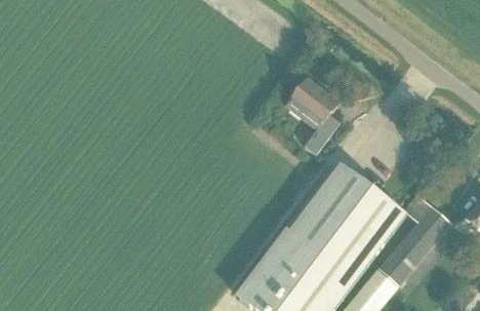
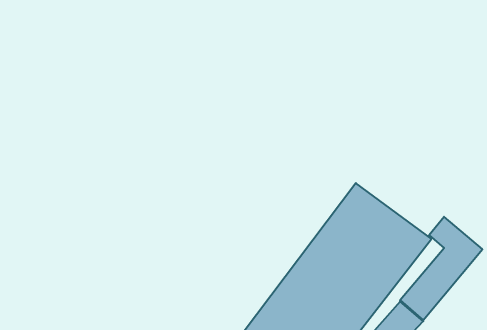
building: [285,78,337,154] -> none

